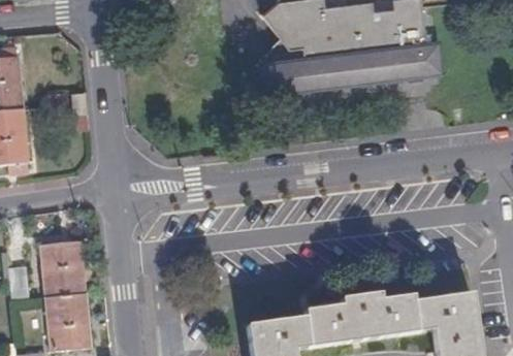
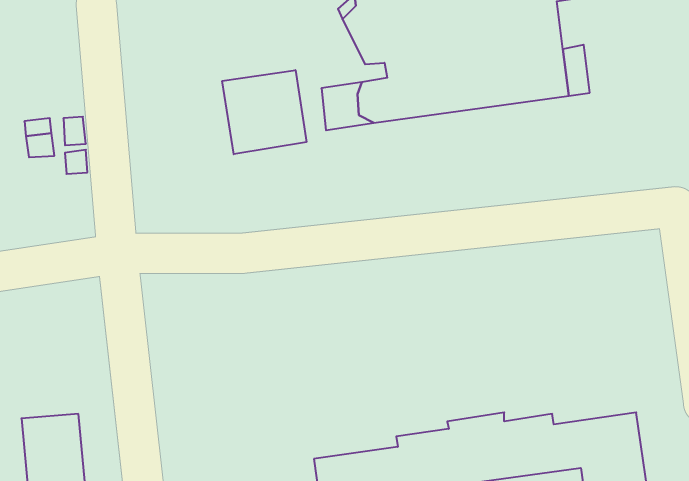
building: none -> [222,70,306,154]
building: [41,238,86,296] -> none

